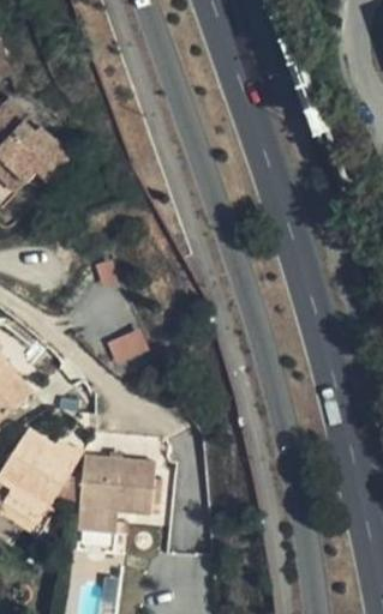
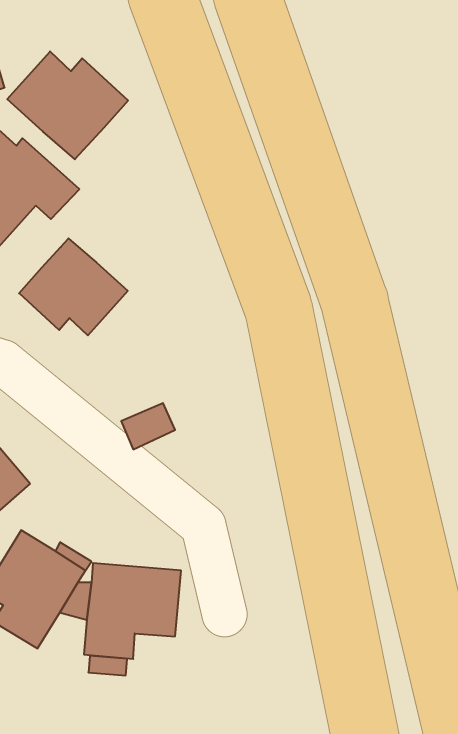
building: none -> [7,51,128,159]
building: none -> [19,238,128,335]

